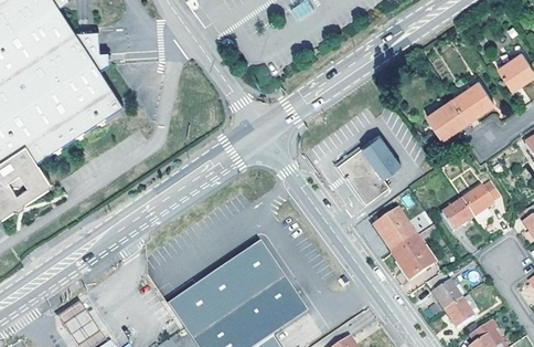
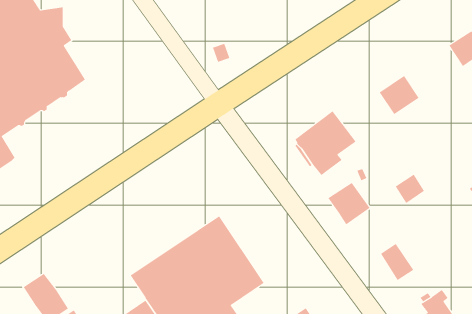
building: [451,80,493,120] -> none
building: [461,186,493,224] -> none
building: [391,223,438,280] -> none
building: [444,293,478,328] -> none

